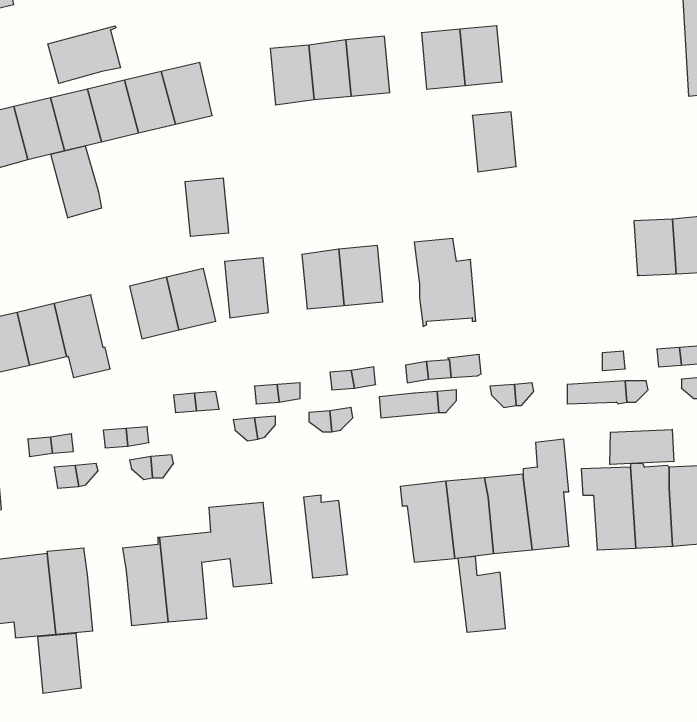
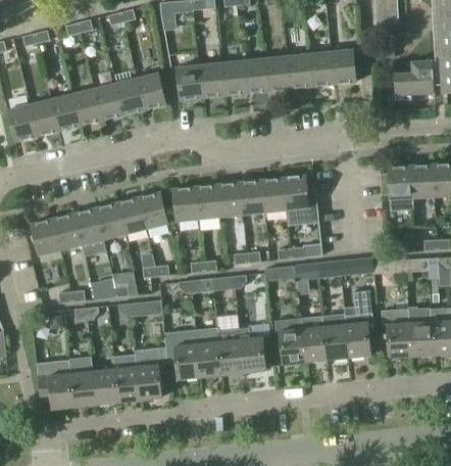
building: [48,26,121,83] -> none
building: none -> [265,56,290,91]
building: none -> [394,60,434,95]
building: none -> [177,65,202,100]
building: [472,112,516,172] -> [331,50,356,85]
building: [51,146,102,218] -> none
building: [185,178,229,236] -> [195,185,220,219]
building: none -> [381,166,413,212]
building: none -> [261,178,286,213]
building: none -> [95,203,124,239]
building: [610,429,674,465] -> none
building: none -> [195,326,223,376]
building: [458,556,505,632] -> [239,327,266,371]
building: [38,633,81,693] -> [93,369,118,404]

